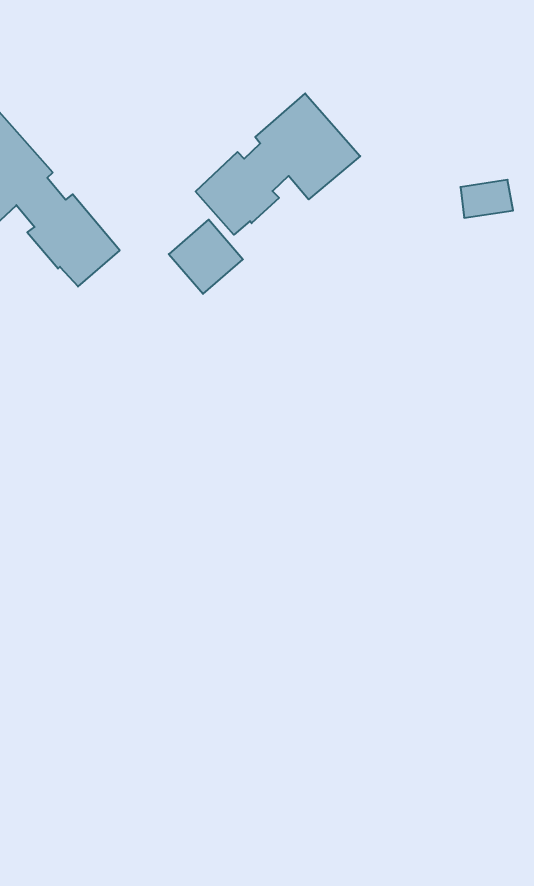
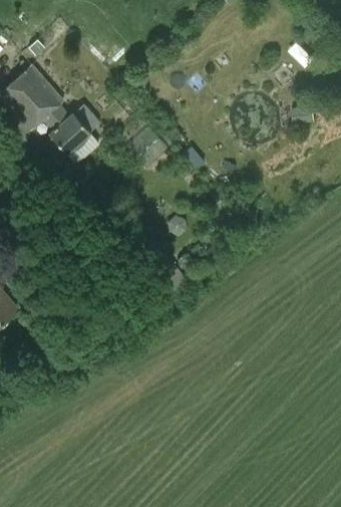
building: [196,93,360,235] -> none

